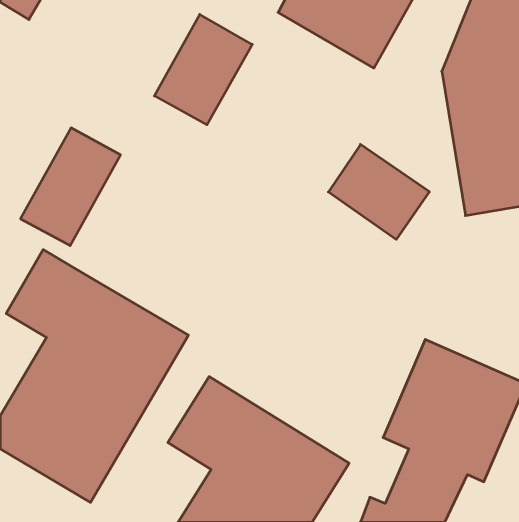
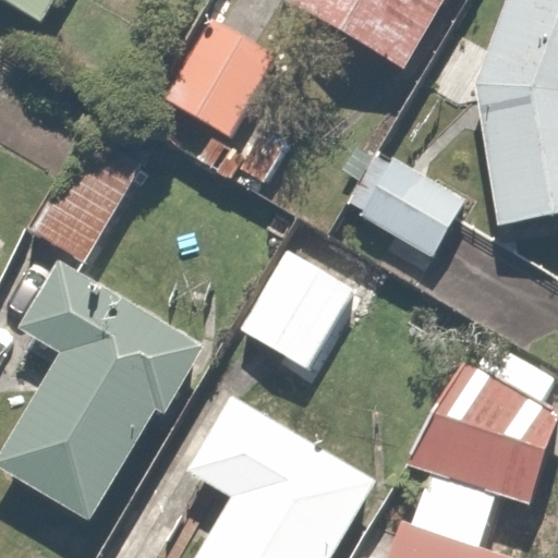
building: none -> [243,253,360,369]

